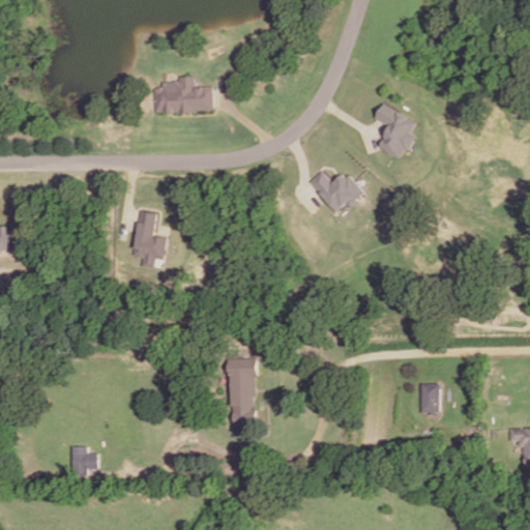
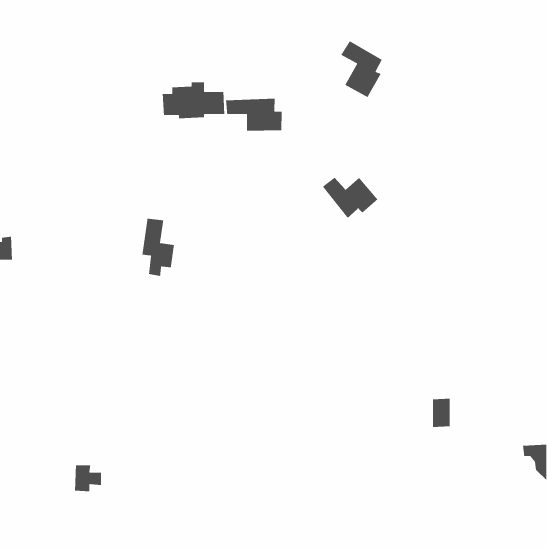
building: none -> [225,98,282,132]
building: [375,102,416,158] -> [340,40,383,98]
building: [224,361,254,418] -> none

